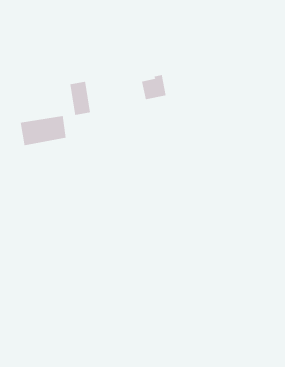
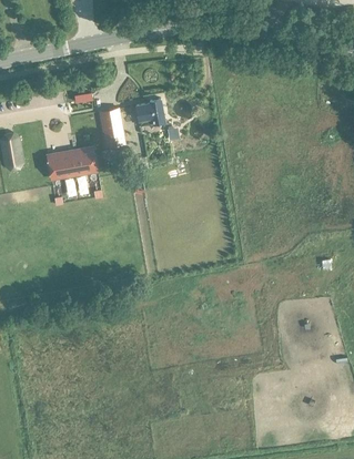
building: [141,74,167,100] -> [135,100,163,128]

